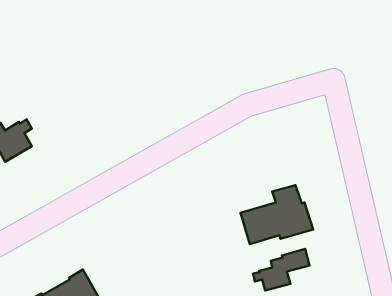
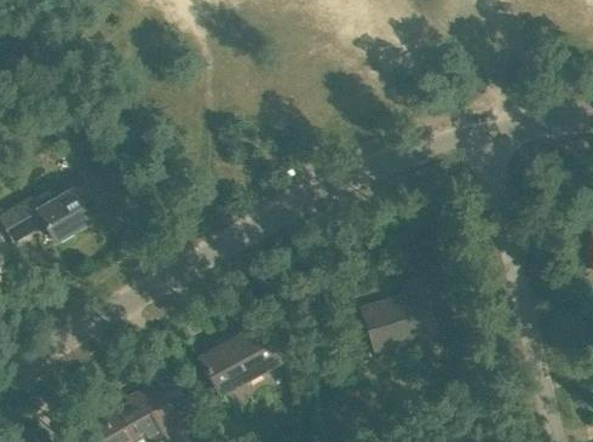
building: none -> [198,325,280,396]
building: [253,249,310,291] -> none

